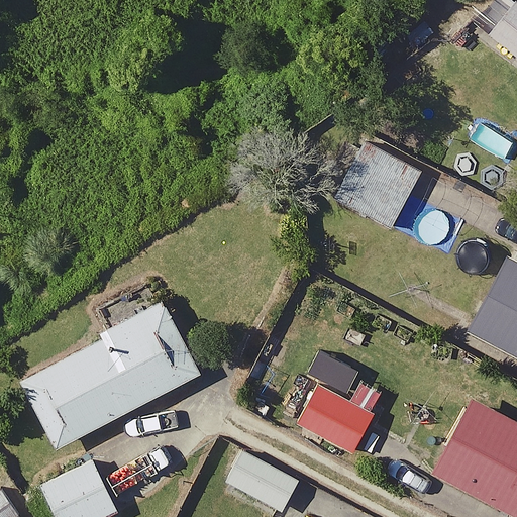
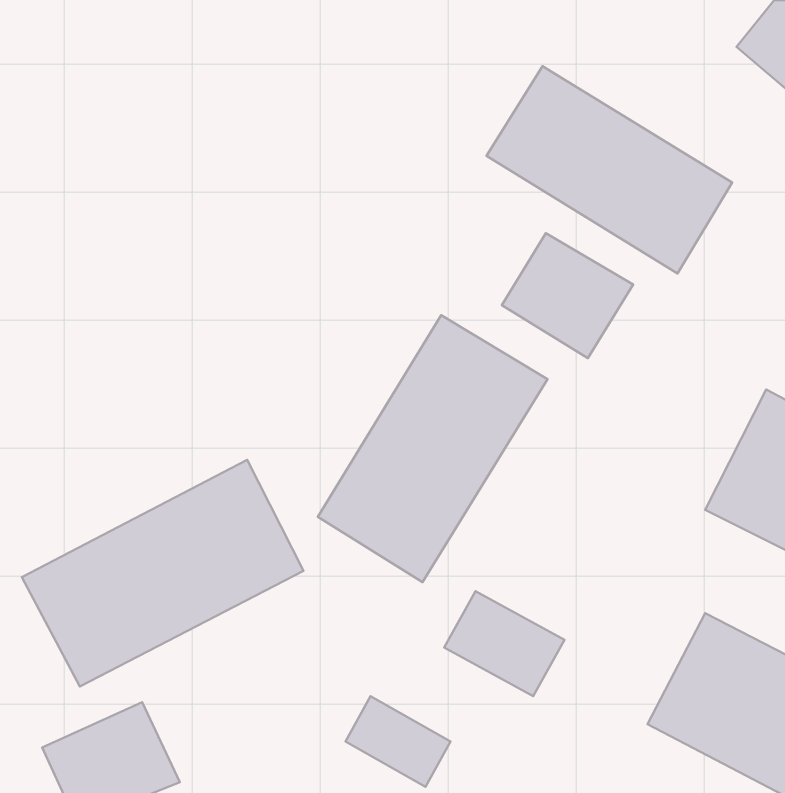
building: none -> [487,66,732,273]
building: none -> [318,315,548,582]

